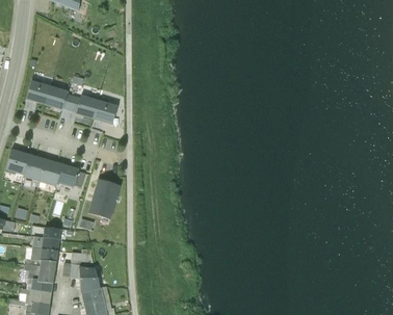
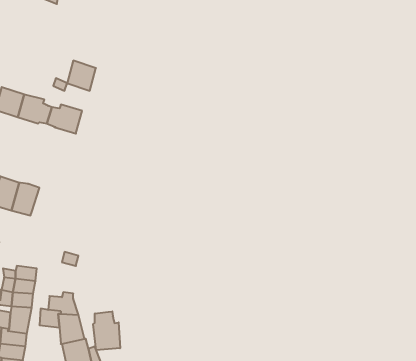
building: [93,100,116,125] -> [67,61,96,91]
building: [56,163,84,187] -> none
building: [87,180,119,219] -> none
building: none -> [93,311,120,350]

